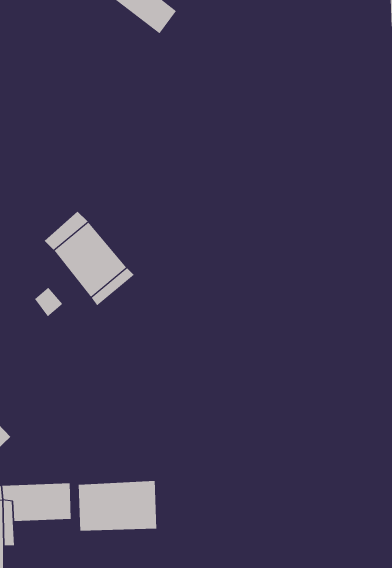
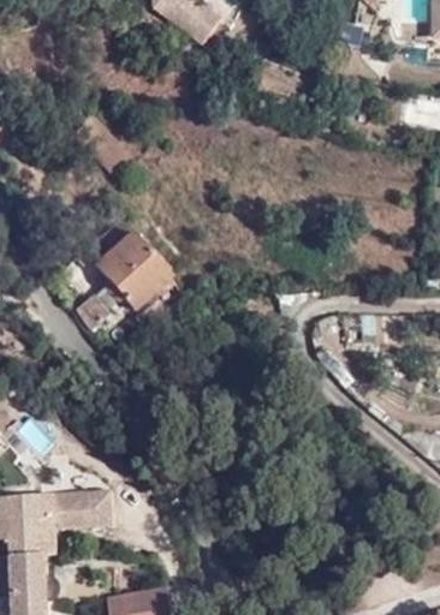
building: [78,480,157,532] -> none

